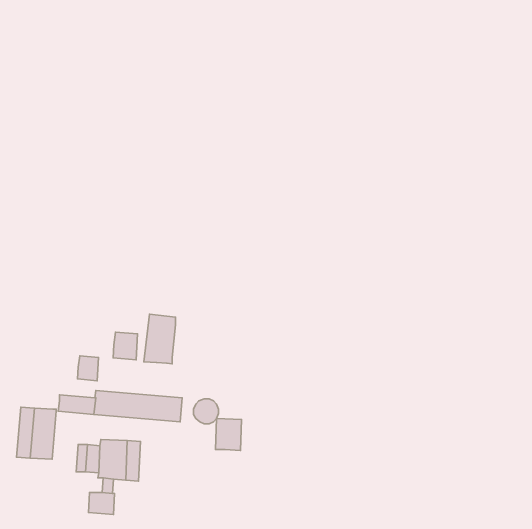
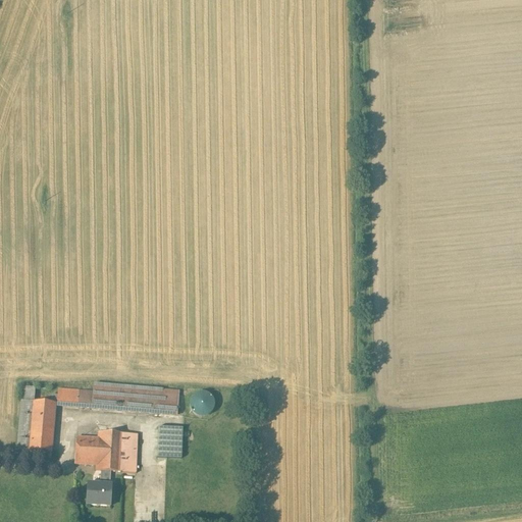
building: [144,314,175,364] -> none
building: [113,332,138,360] -> none
building: [78,356,99,381] -> none
building: [216,418,242,451] -> [157,425,182,457]

